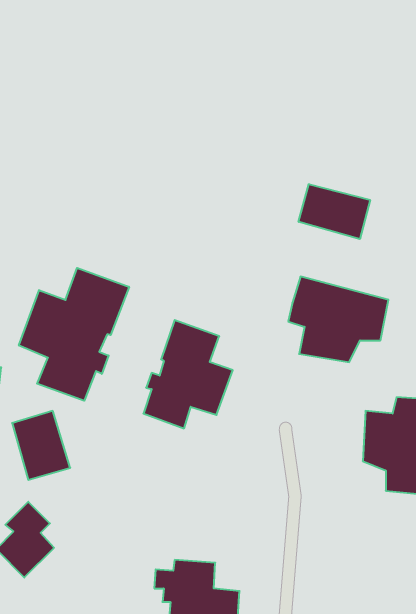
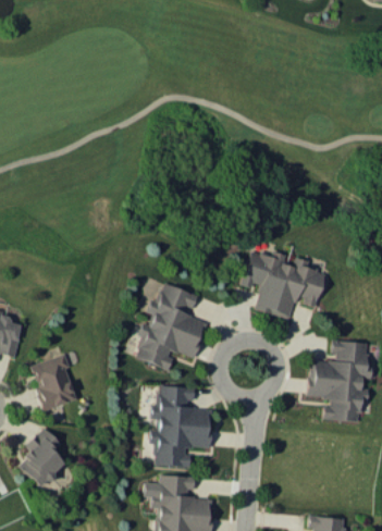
building: [299,184,370,239] -> none
building: [19,268,129,401] -> none
building: none -> [149,385,212,467]

